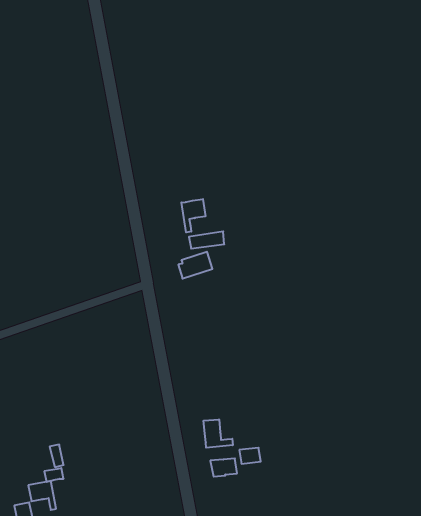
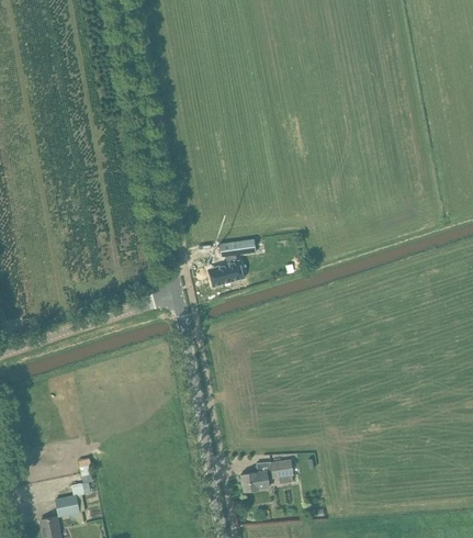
building: [181,199,205,232] -> none
building: [204,419,233,448] -> none

